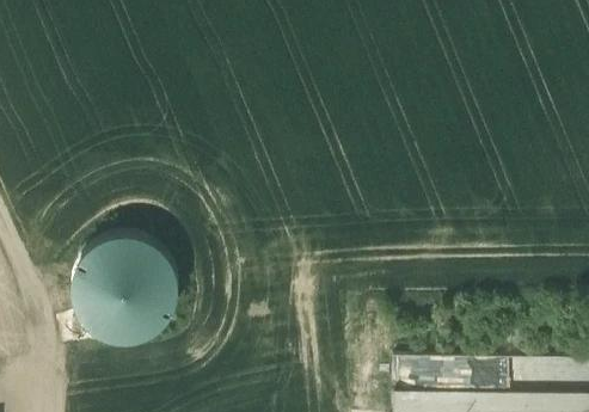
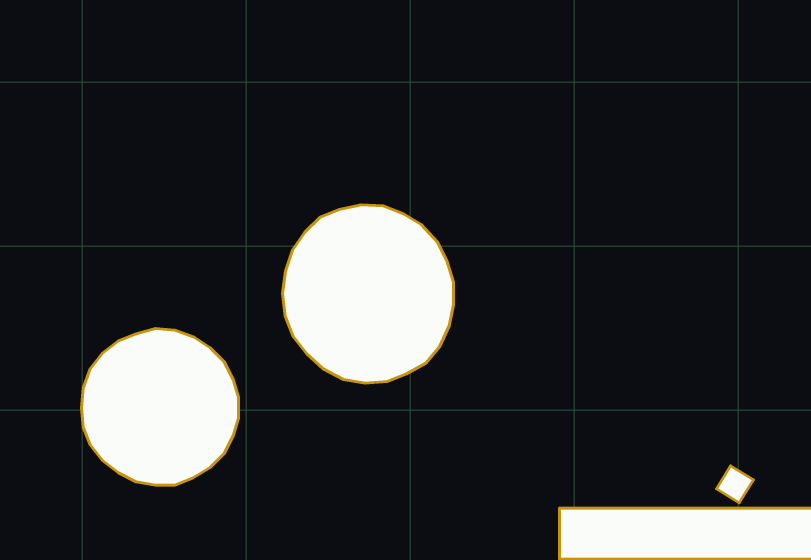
building: none -> [283,205,454,383]

